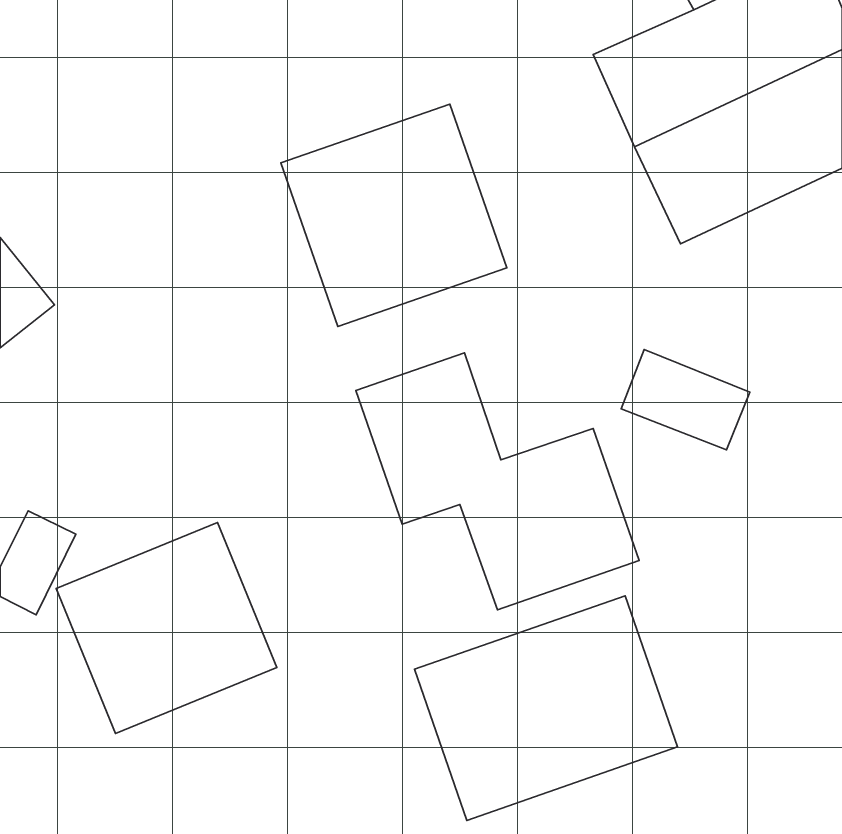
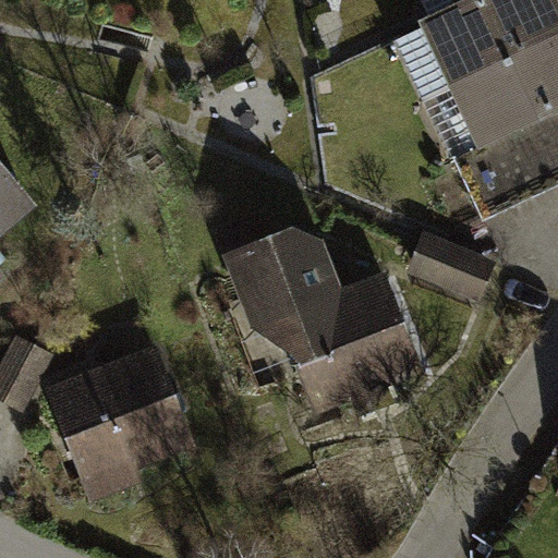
building: [281,104,507,327] -> none
building: [414,596,678,820] -> none

